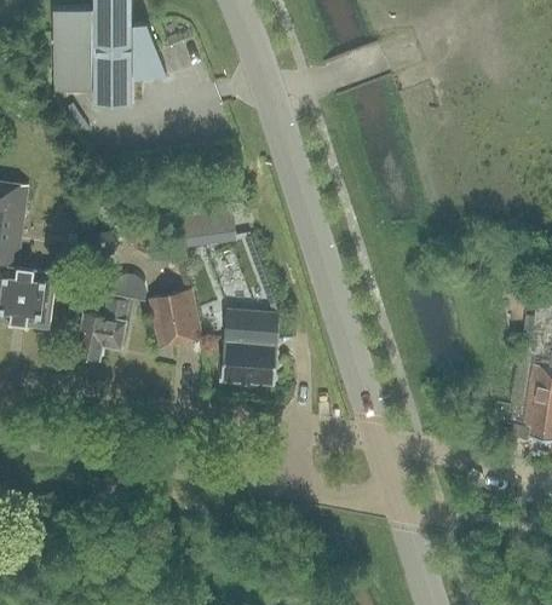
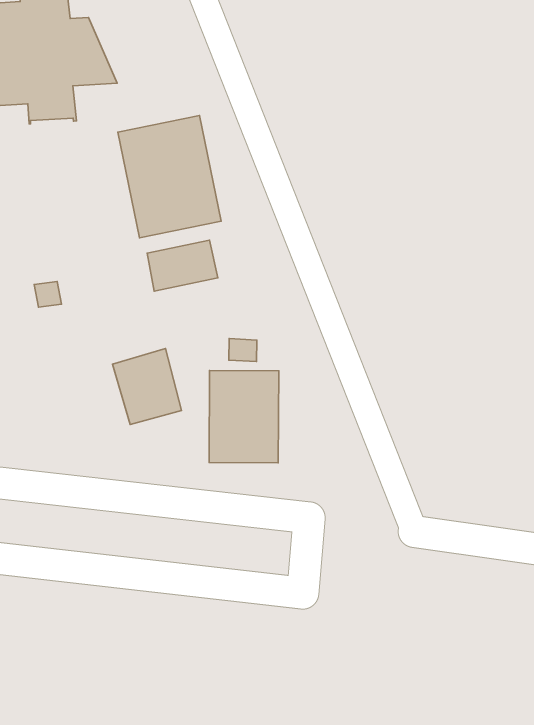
building: none -> [118,115,221,238]
building: [76,276,144,358] -> none

